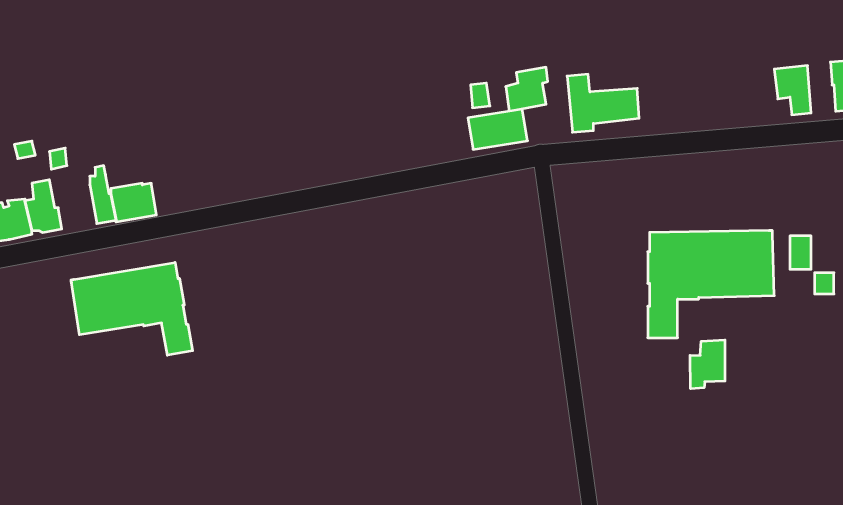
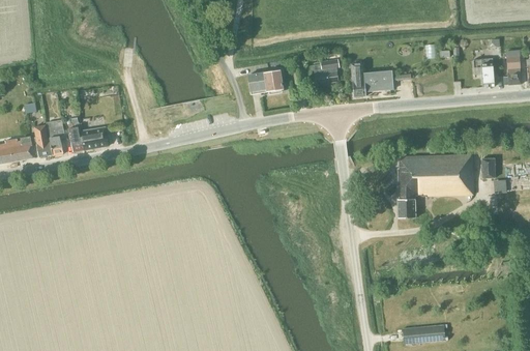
building: [468,109,528,149] -> [247,69,283,93]
building: none -> [47,119,64,154]
building: [71,262,193,355] -> none
building: [690,340,725,389] -> none

